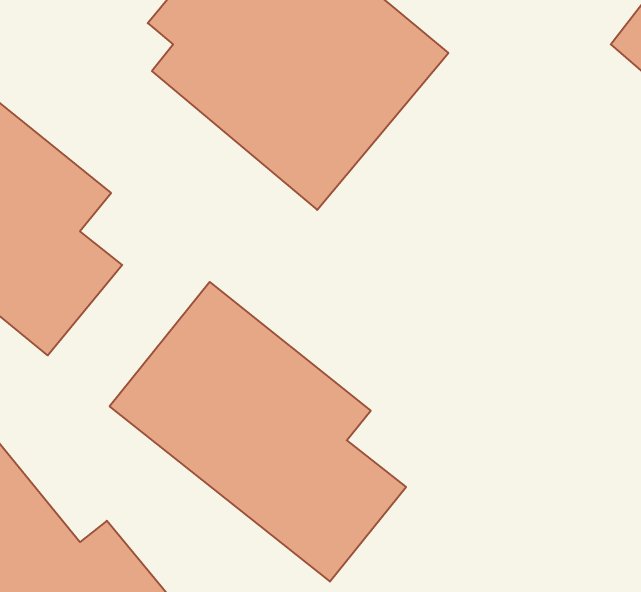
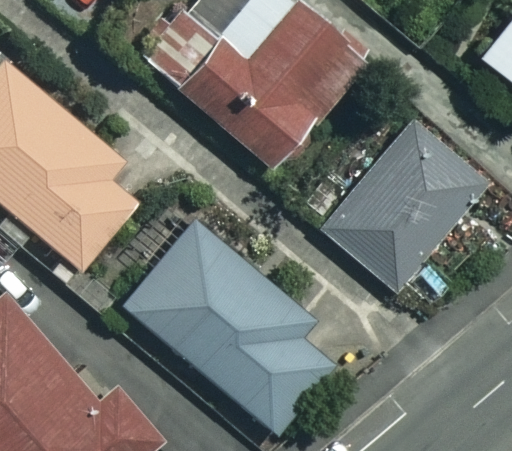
building: none -> [323,121,494,299]

